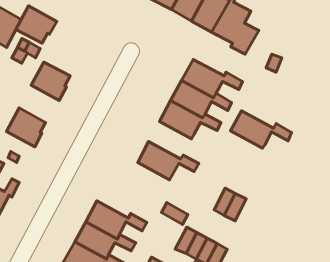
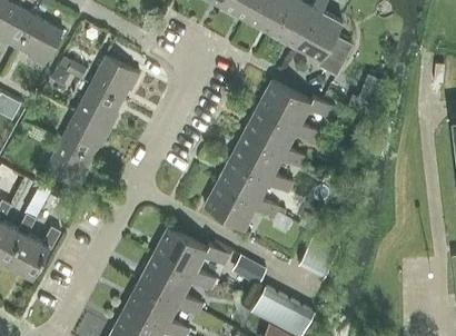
building: [16,6,57,43] -> [90,55,140,100]
building: none -> [60,111,109,157]
building: [231,111,292,148] -> [218,156,293,201]
building: none -> [155,227,229,274]

